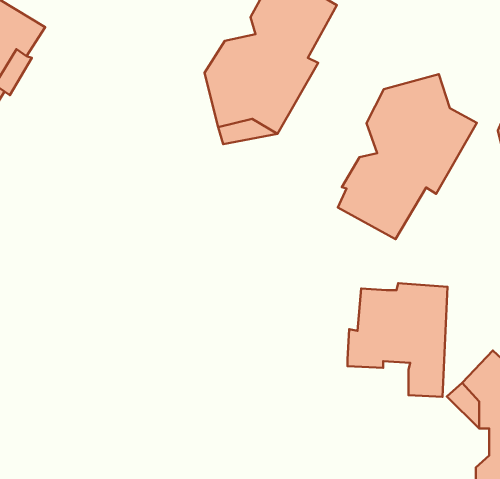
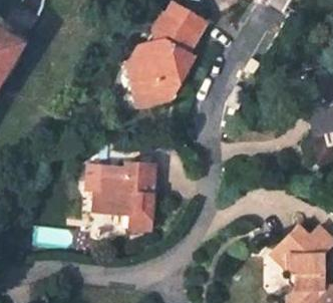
building: [338,74,477,239] -> none
building: [347,283,447,397] -> [97,160,156,227]

